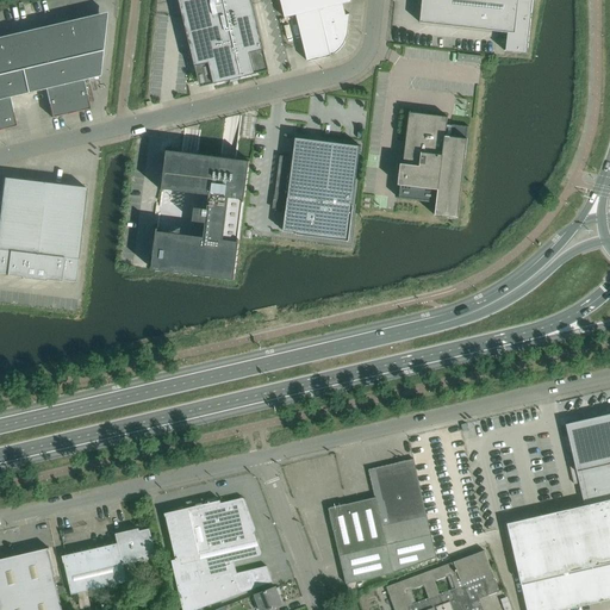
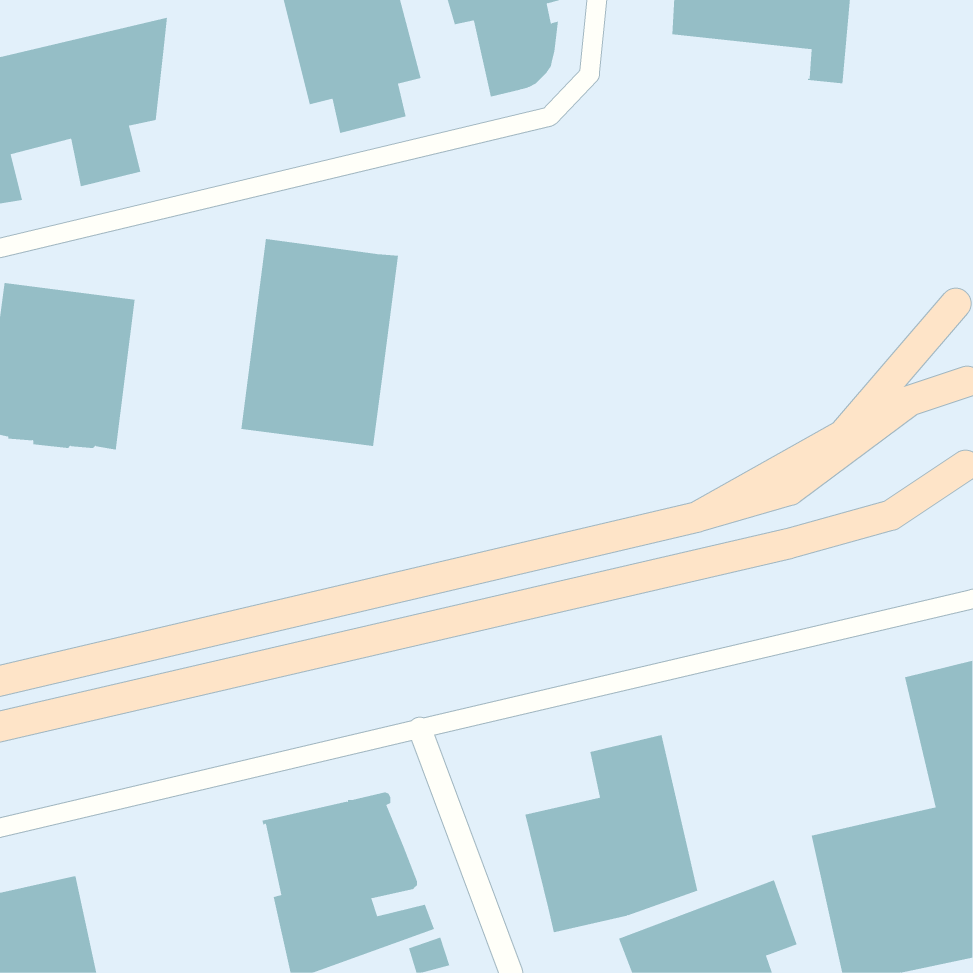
building: [398,111,468,217] -> none
building: [273,137,359,238] -> none
building: [62,528,155,596] -> none

